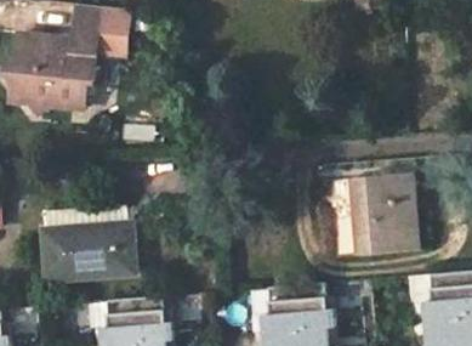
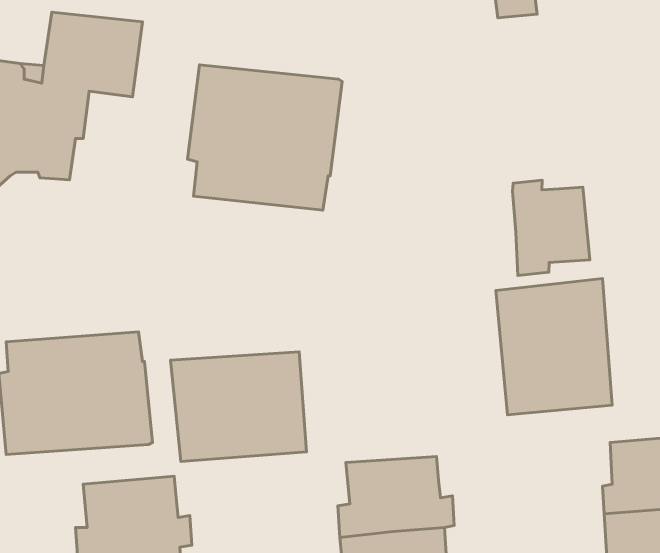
building: none -> [188,65,342,210]
building: none -> [513,180,590,275]
building: none -> [171,352,307,461]

